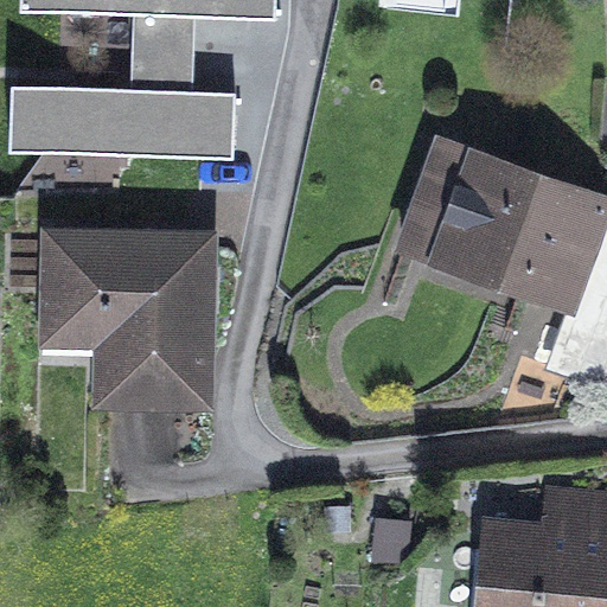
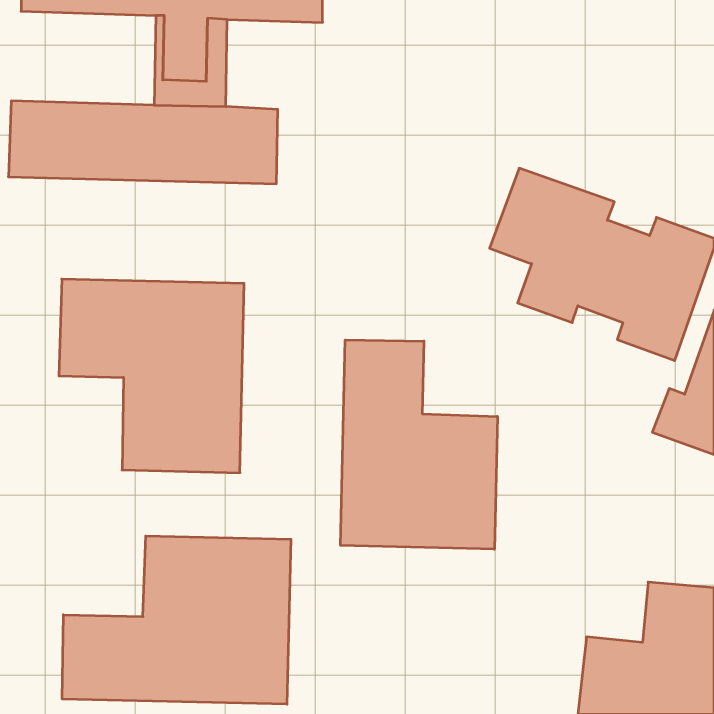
building: none -> [341,340,497,549]
building: none -> [62,536,291,704]

